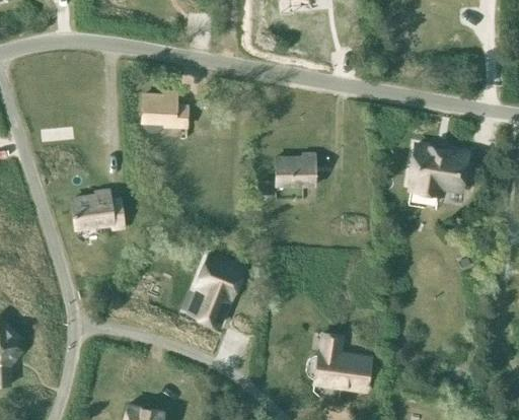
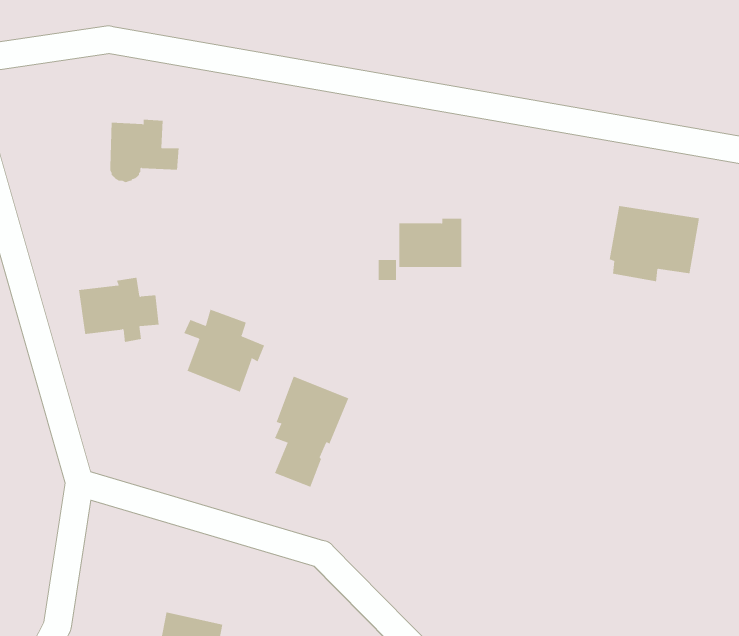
building: [143,92,188,133] -> [109,119,180,183]
building: none -> [183,309,265,392]
building: [307,332,372,390] -> none

